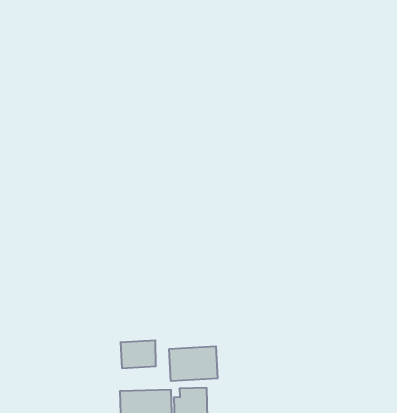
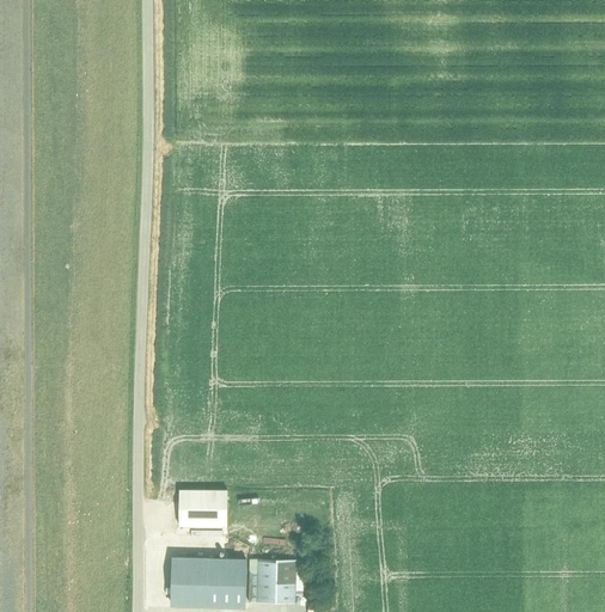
building: [169,346,218,381] -> none

